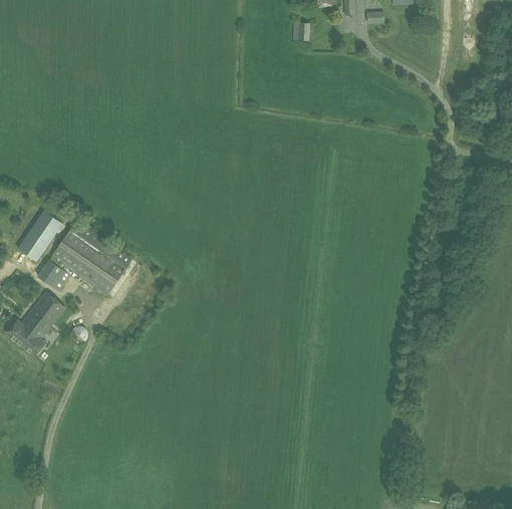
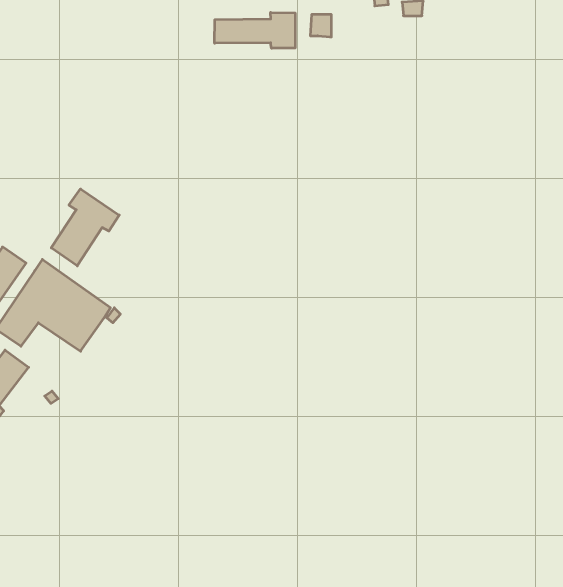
building: none -> [215,12,295,48]
building: none -> [51,189,119,266]

